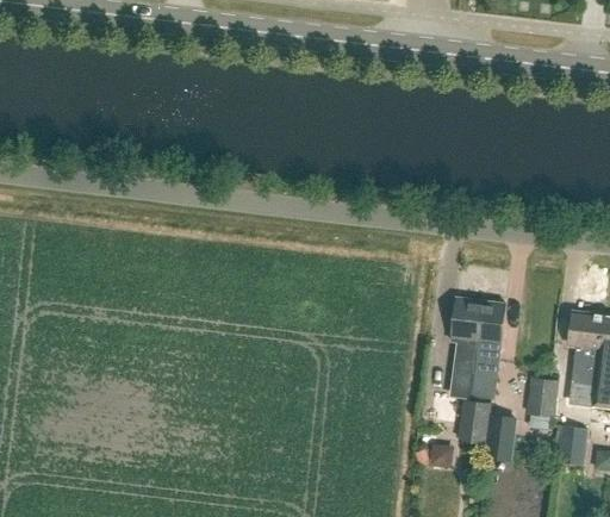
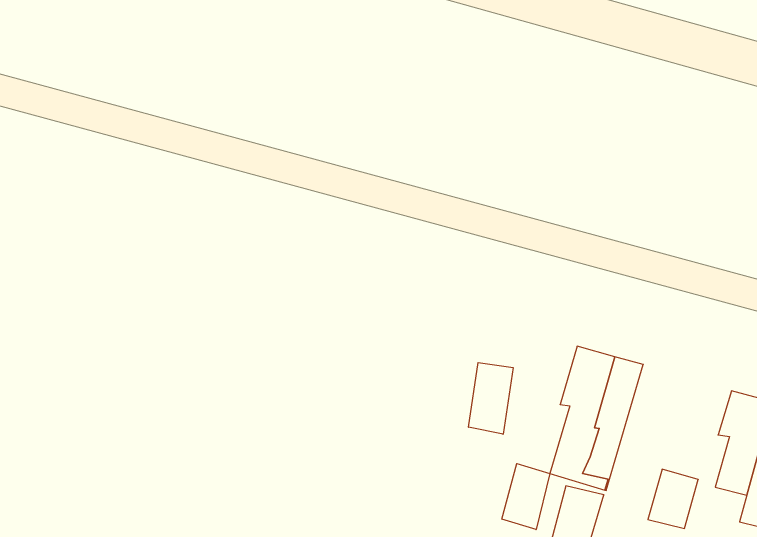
building: none -> [469,363,513,434]
building: none -> [502,464,550,530]

